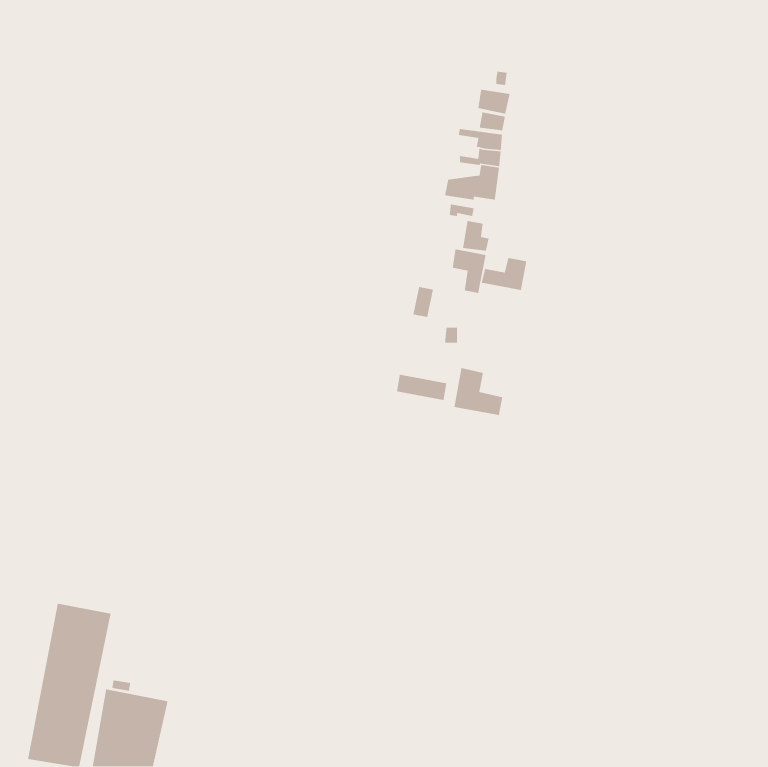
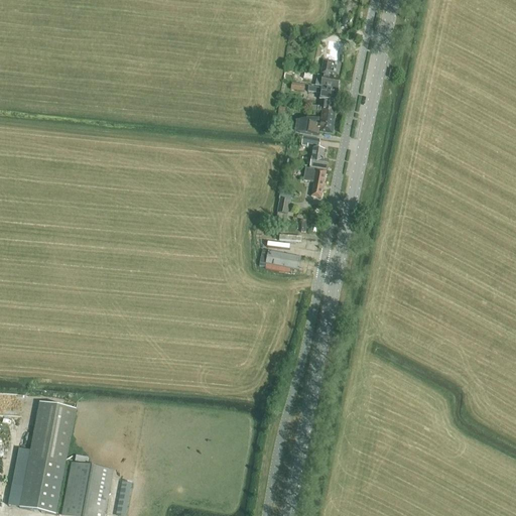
building: [481,257,527,291] -> none
building: [453,367,503,416] -> none

